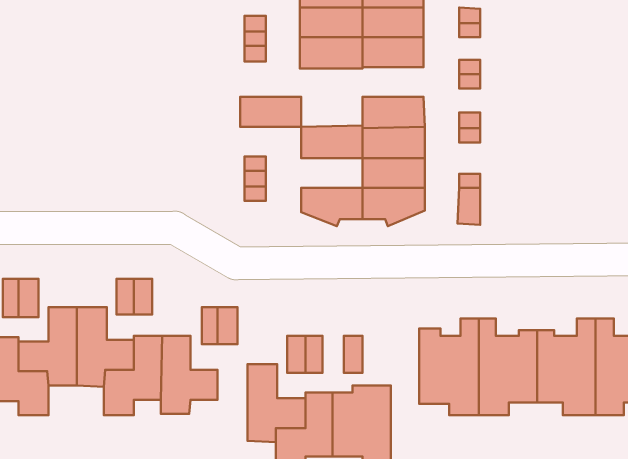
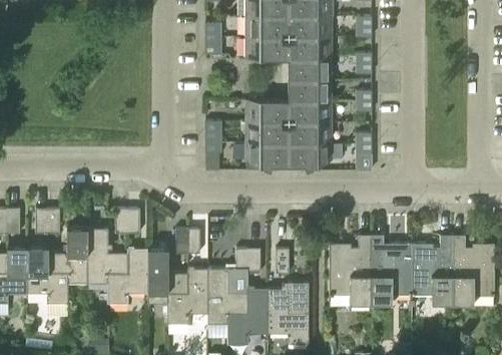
building: none -> [288,59,331,80]
building: [240,97,301,127] -> [244,123,288,144]
building: none -> [165,269,206,324]

